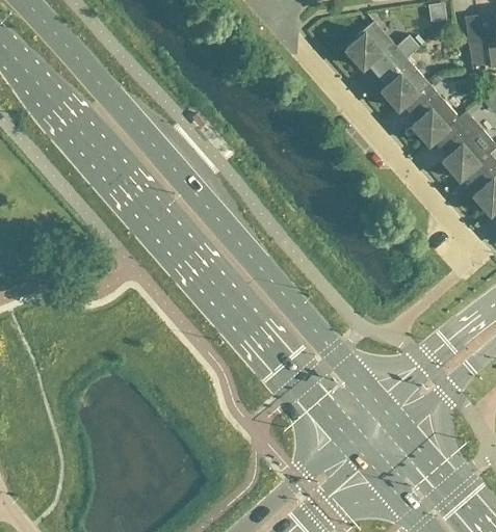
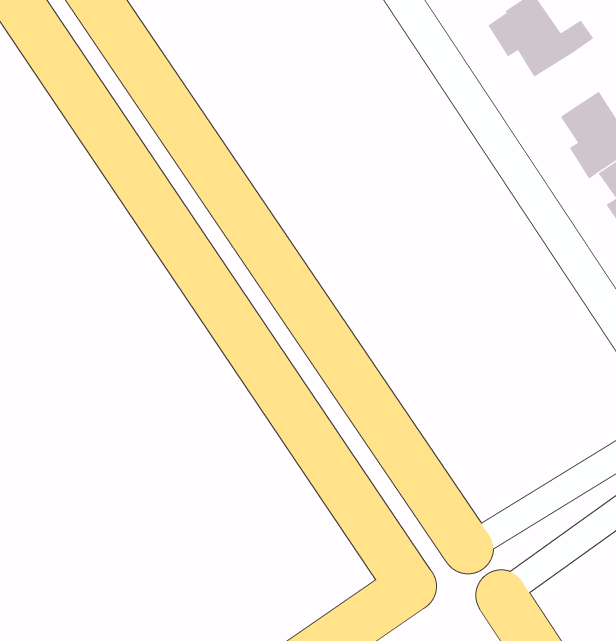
building: [380,59,426,109] -> none

